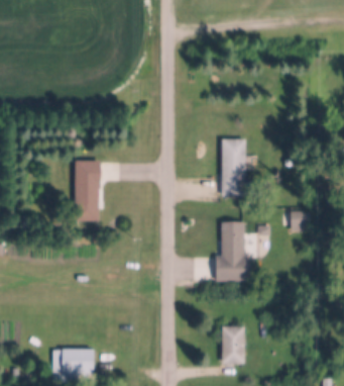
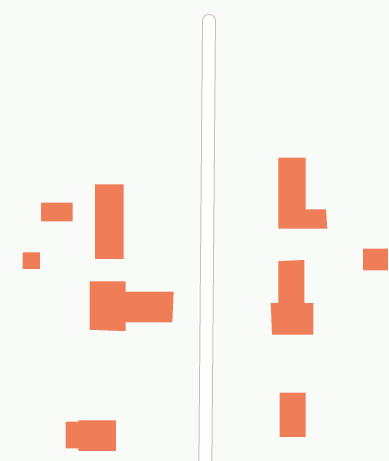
building: none -> [41,202,73,222]
building: none -> [89,281,174,332]

